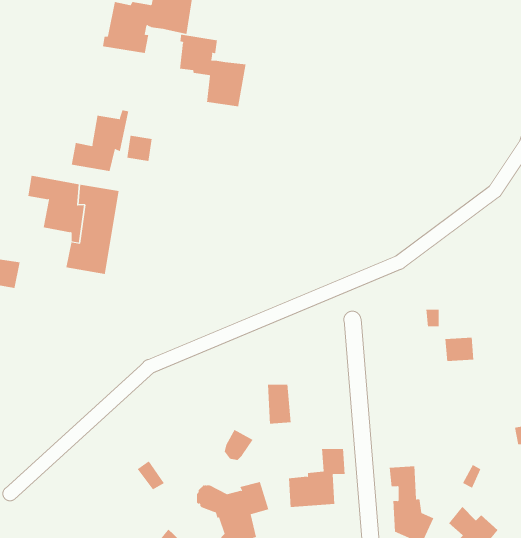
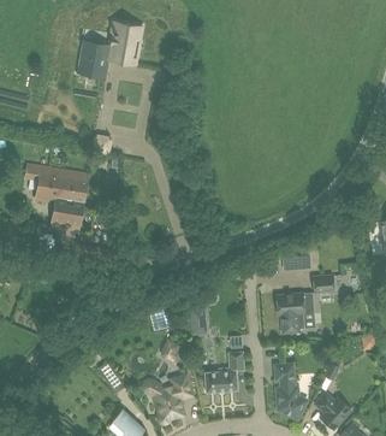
building: [179,34,246,107] -> none
building: [71,110,129,172] -> none
building: none -> [275,293,313,332]

